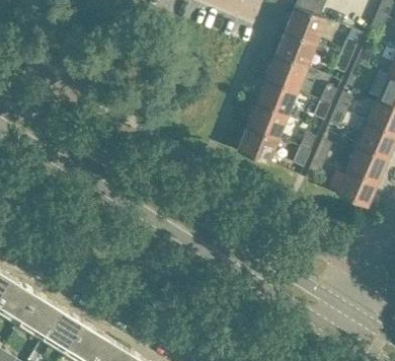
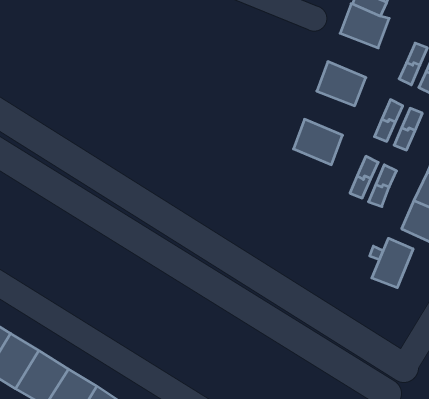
building: [274,30,316,67] -> none
building: [255,78,297,115] -> none
building: [237,126,278,162] -> none
building: none -> [372,238,413,288]

